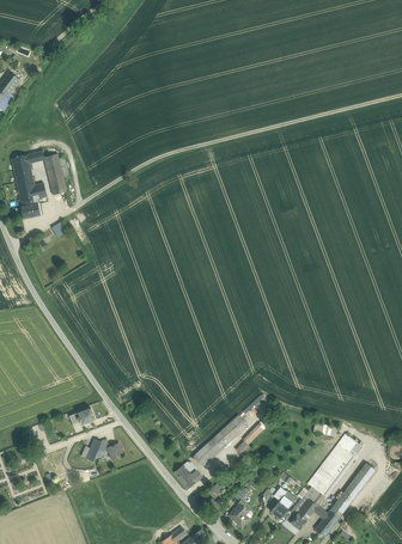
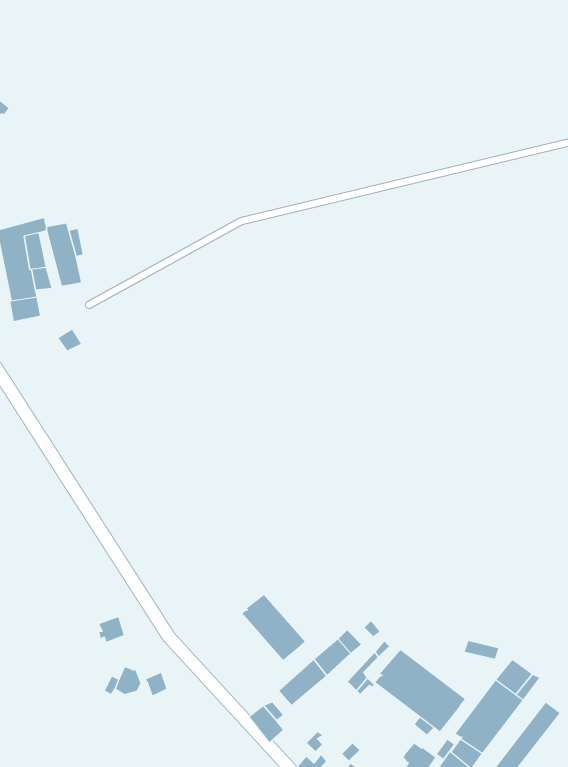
building: none -> [241,594,306,661]
building: none -> [374,649,466,732]

